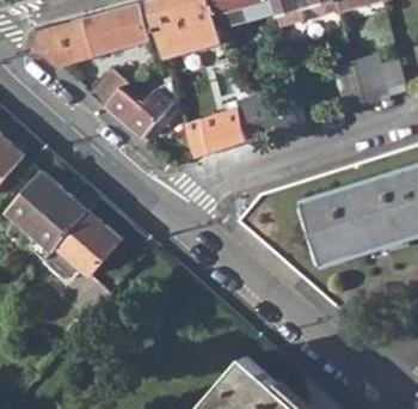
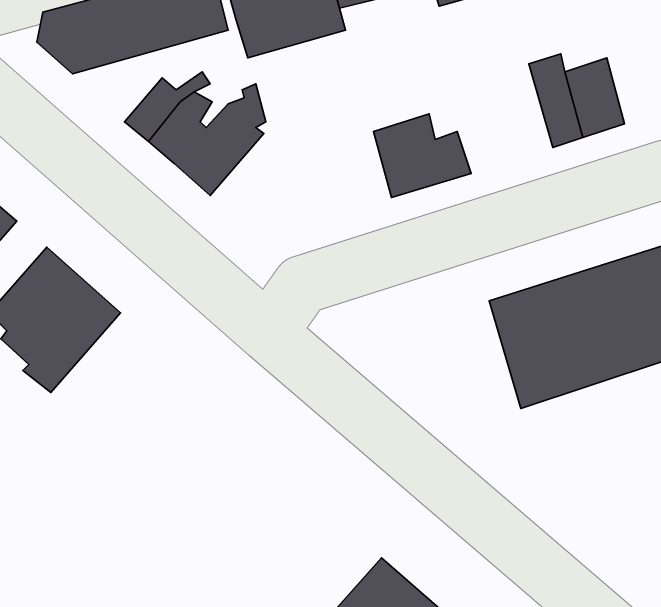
building: [186,106,246,153] -> none
building: [43,208,122,279] -> none

